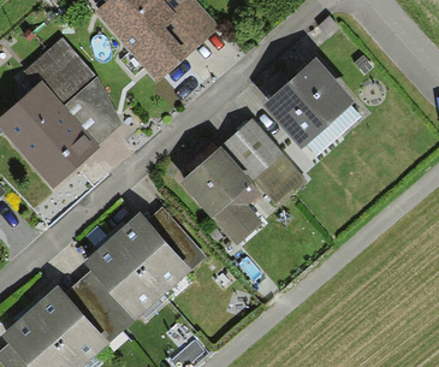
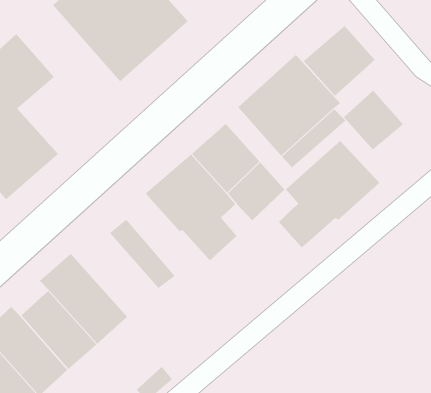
building: none -> [303,25,376,97]
building: [63,77,121,144] -> none
building: none -> [343,90,404,150]
building: none -> [278,140,380,249]
building: [111,212,190,295] -> none

